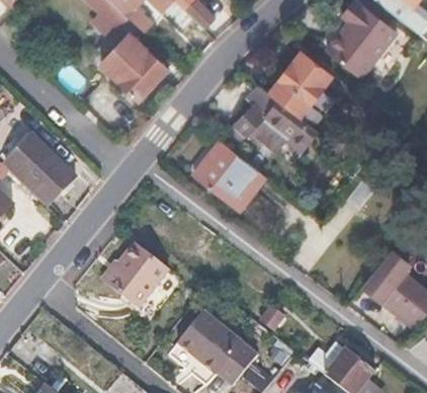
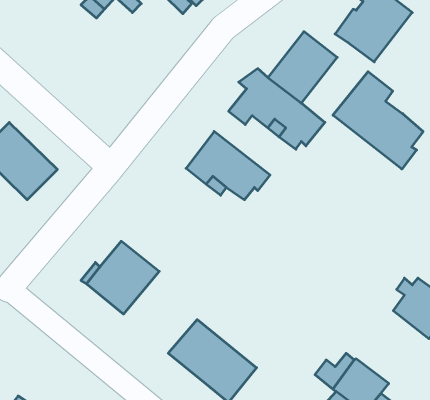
building: [100,34,167,100] -> none
building: none -> [333,72,423,169]

